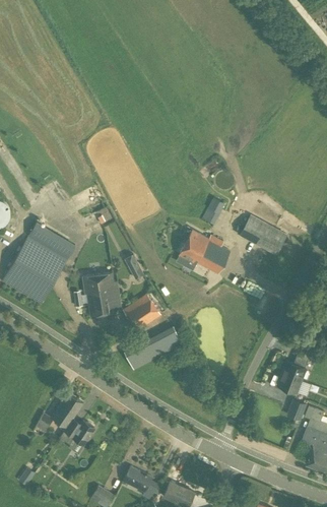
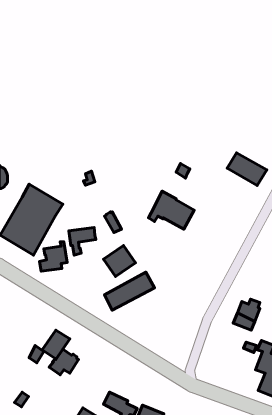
building: [240,216,286,255] -> [227,153,267,185]
building: [88,281,121,316] -> [40,242,67,271]

